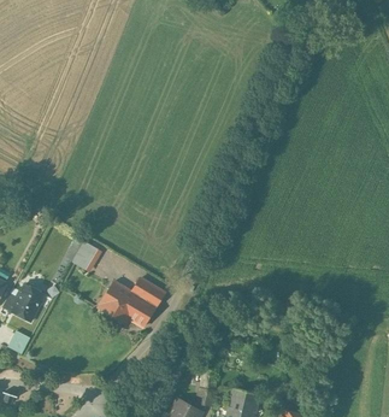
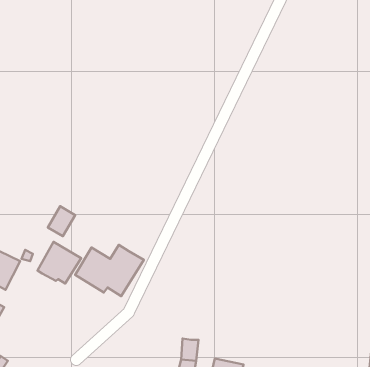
building: none -> [38,242,81,283]

